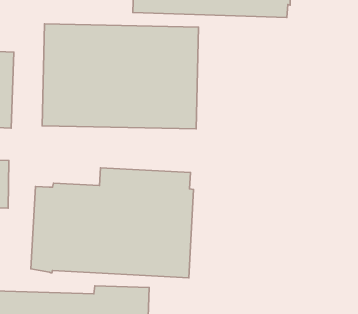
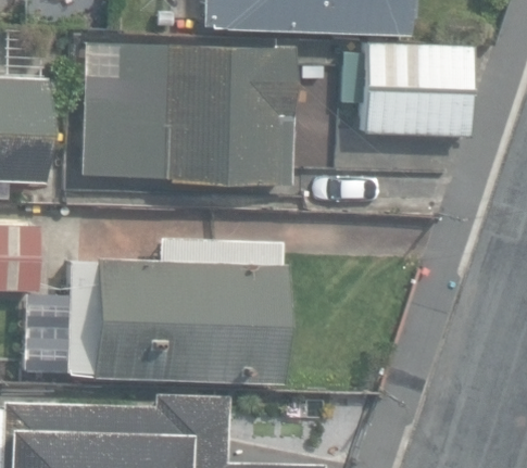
building: none -> [363,46,472,138]

